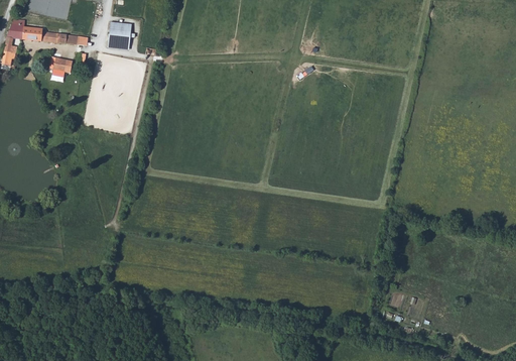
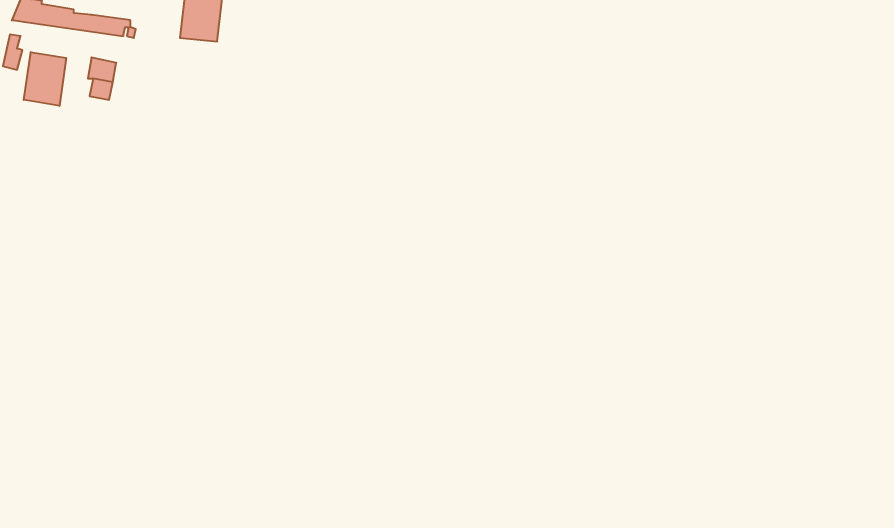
building: none -> [24,52,66,106]

